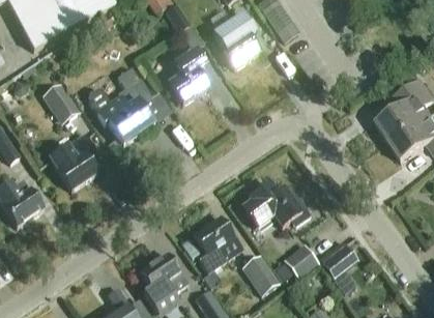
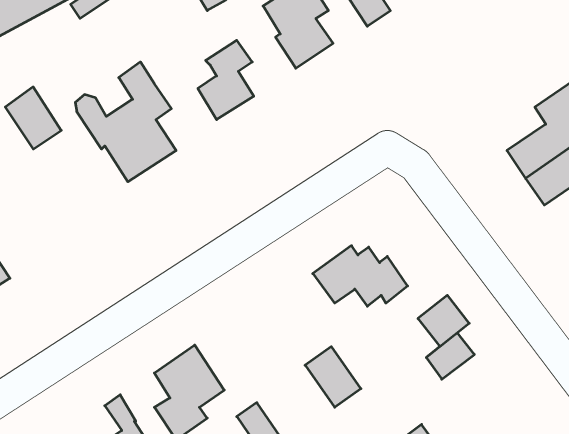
building: [51,134,100,191] -> none
building: [195,218,243,271] -> none
building: [284,243,318,278] -> [418,295,469,347]

